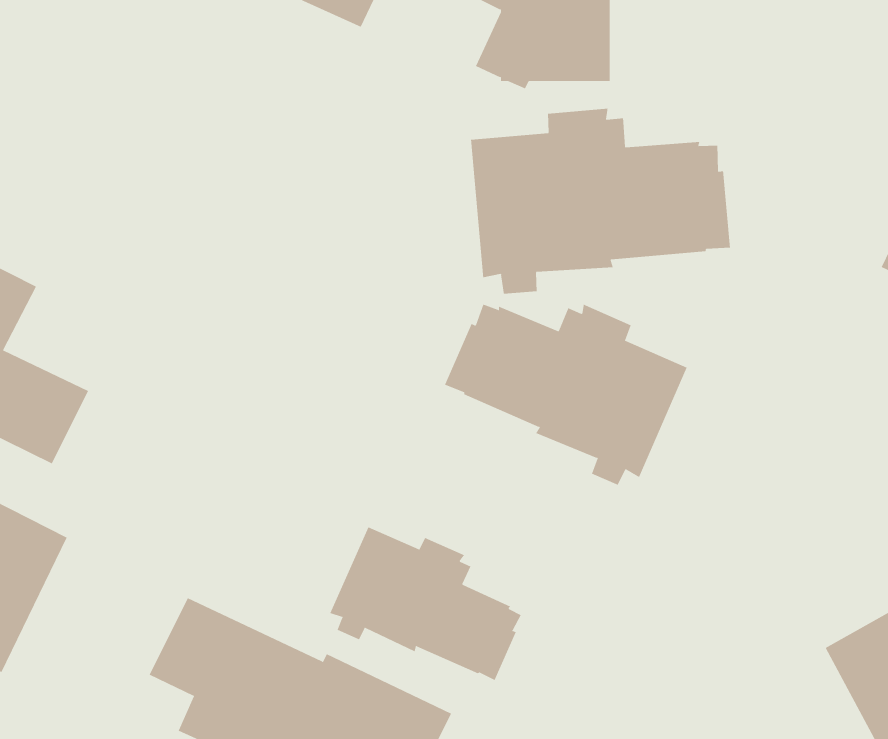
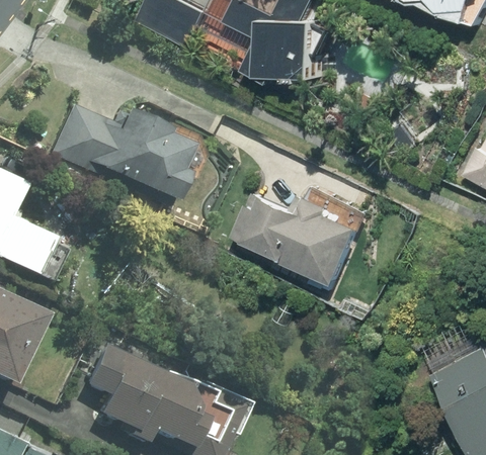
building: [471,108,730,294] -> none
building: none -> [51,104,188,207]
building: [330,526,521,681] -> none

